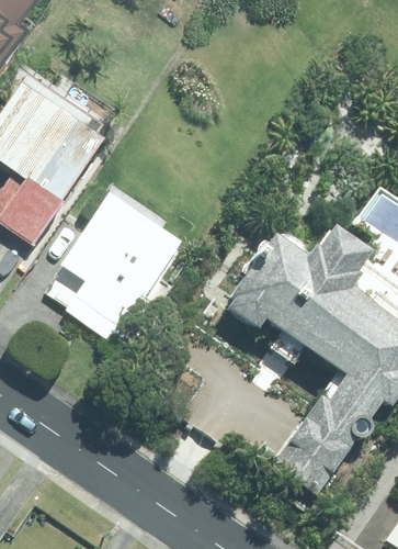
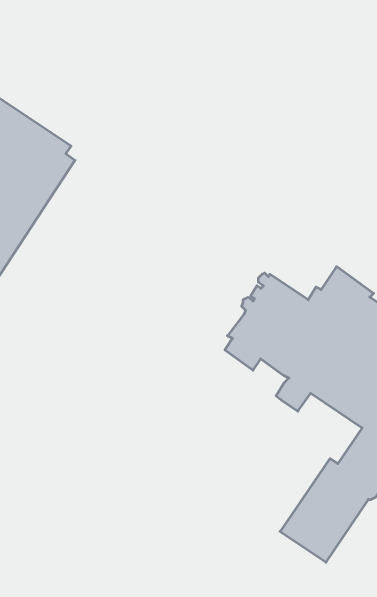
building: [45,193,181,344] -> none

